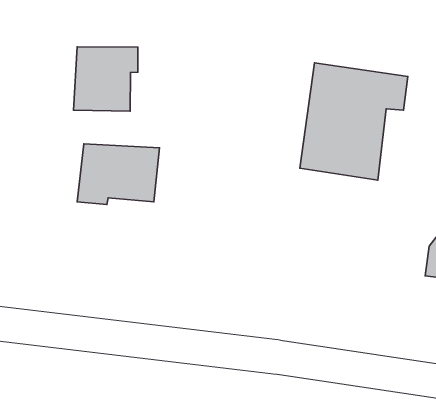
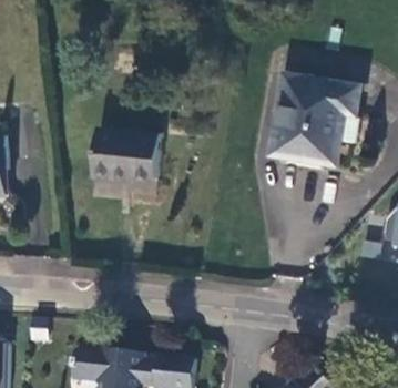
building: [74,47,138,111] -> none

